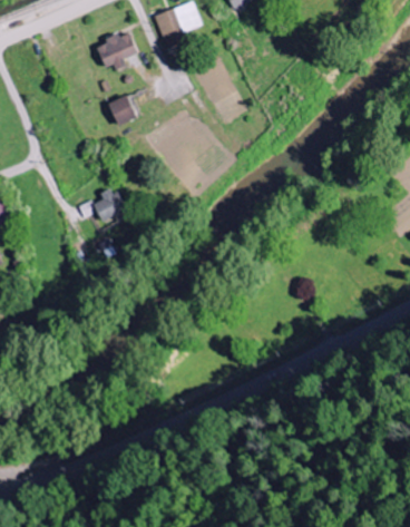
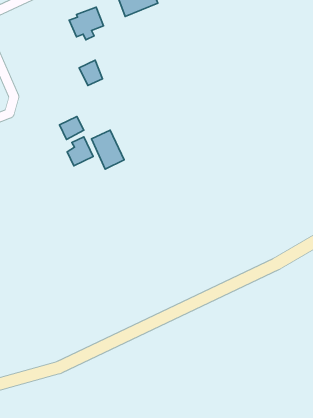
building: none -> [60,117,84,140]
building: none -> [91,130,124,169]

